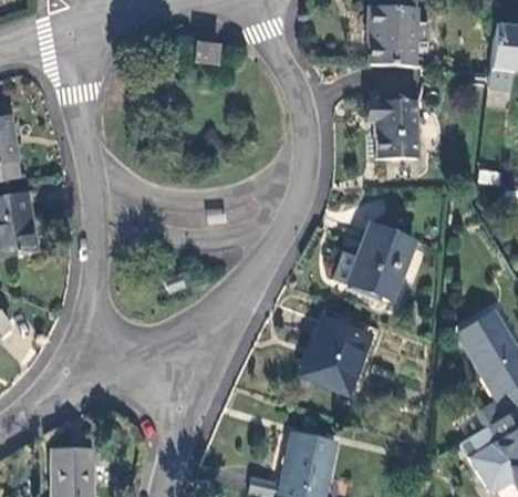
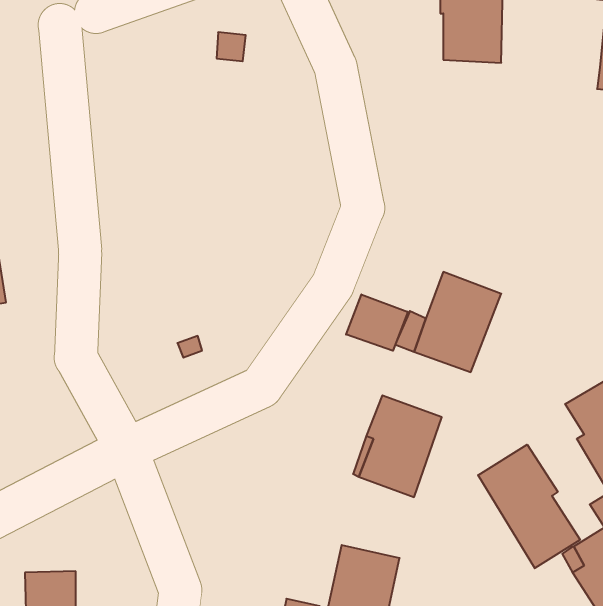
building: [369,100,418,158] -> none
building: none -> [346,294,408,351]
building: none -> [478,445,580,568]

